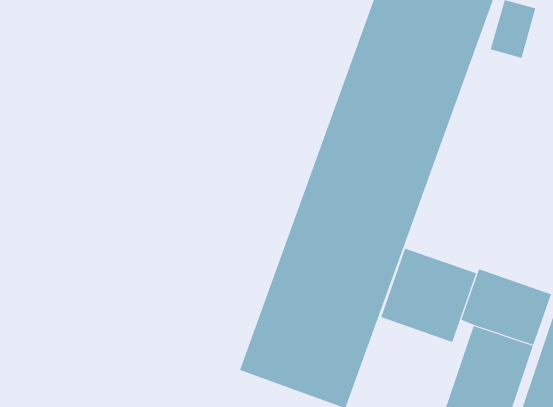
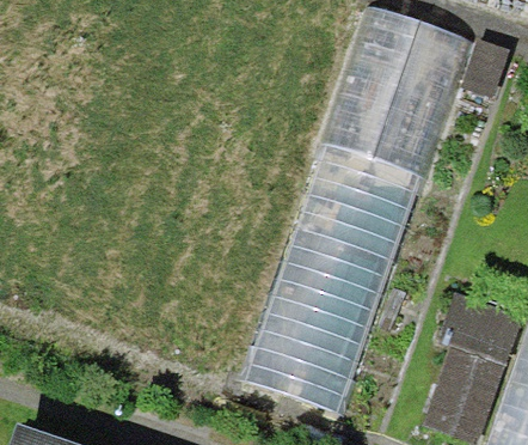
building: [381,248,477,343] -> none

